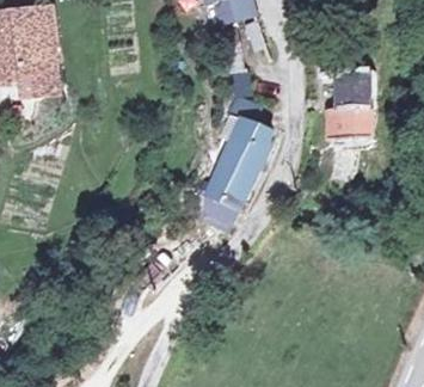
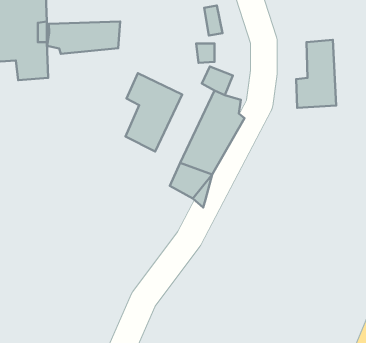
building: none -> [47,21,120,54]
building: none -> [125,73,182,152]

